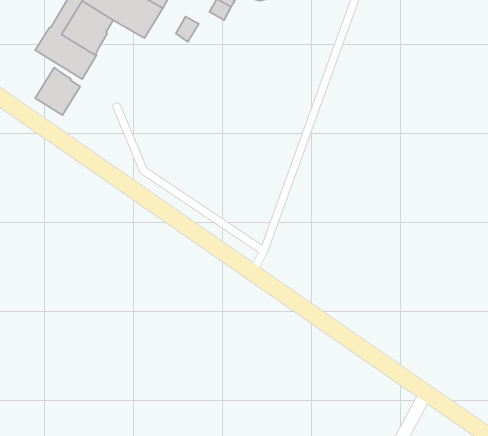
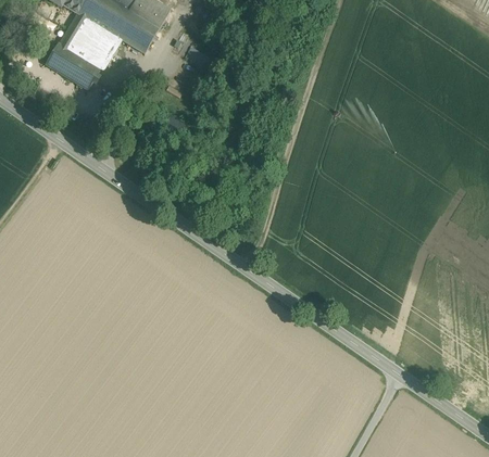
building: [35,67,80,115] -> none

